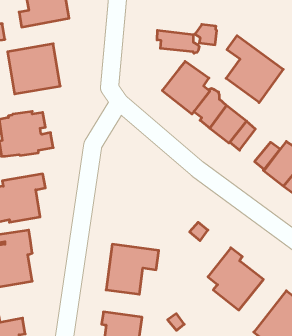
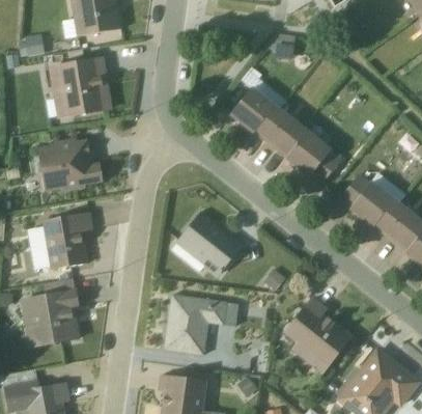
building: [157,30,199,53] -> none
building: [226,36,283,103] -> none
building: none -> [171,211,243,276]

